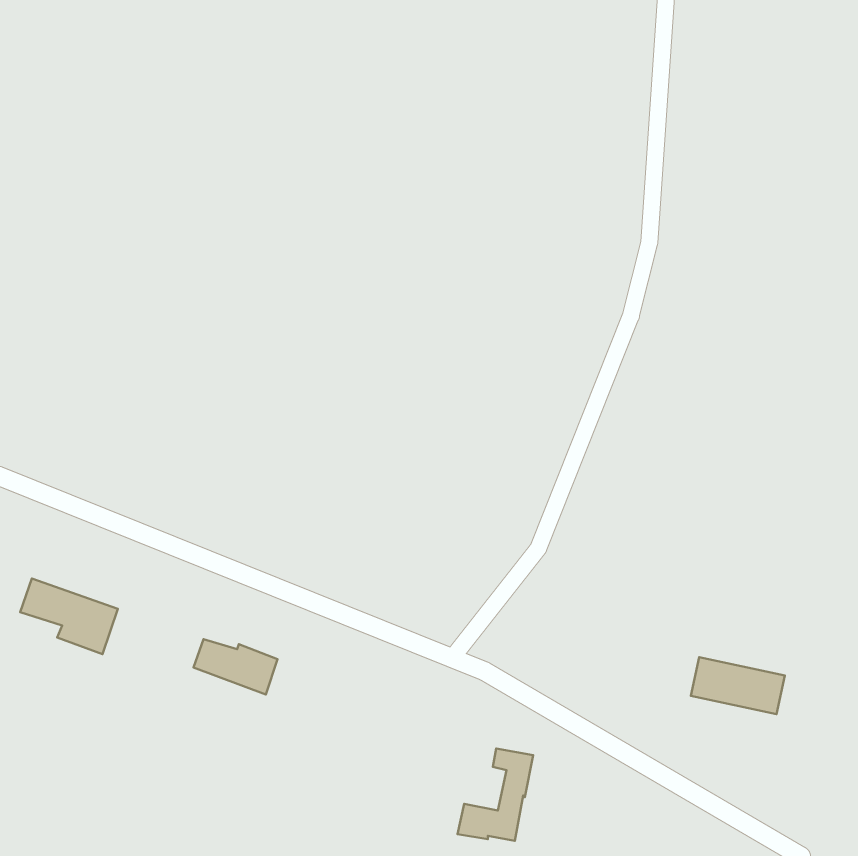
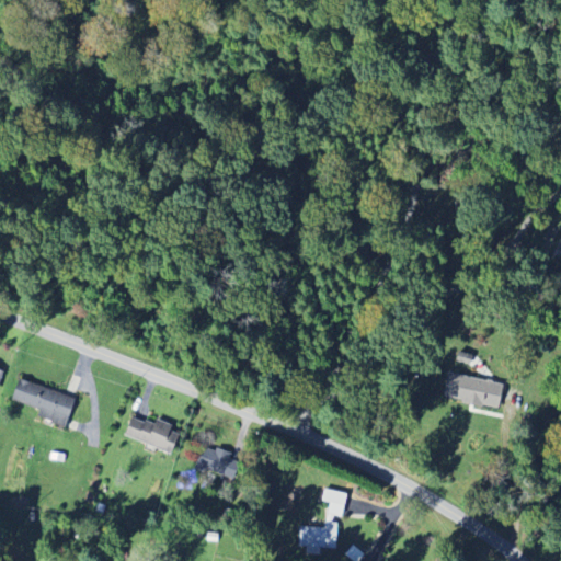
building: [691,657,785,714] -> [435,371,496,409]
building: none -> [195,444,239,479]

